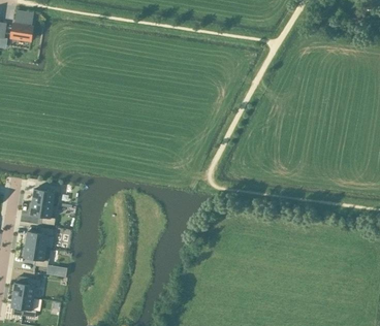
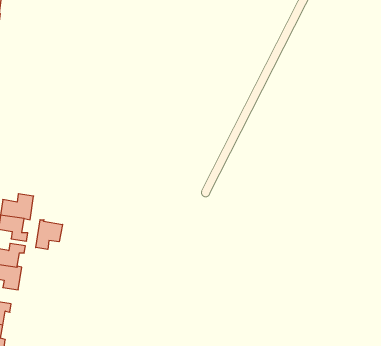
building: none -> [36,220,63,249]

